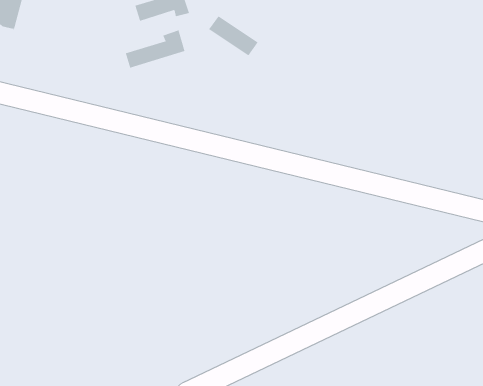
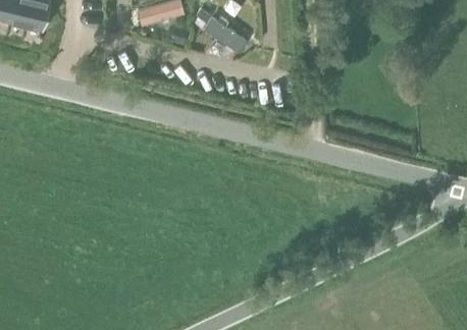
building: [125,29,185,68] -> none

